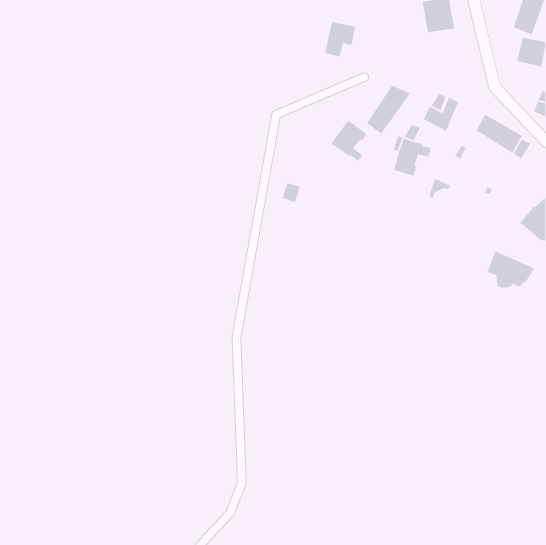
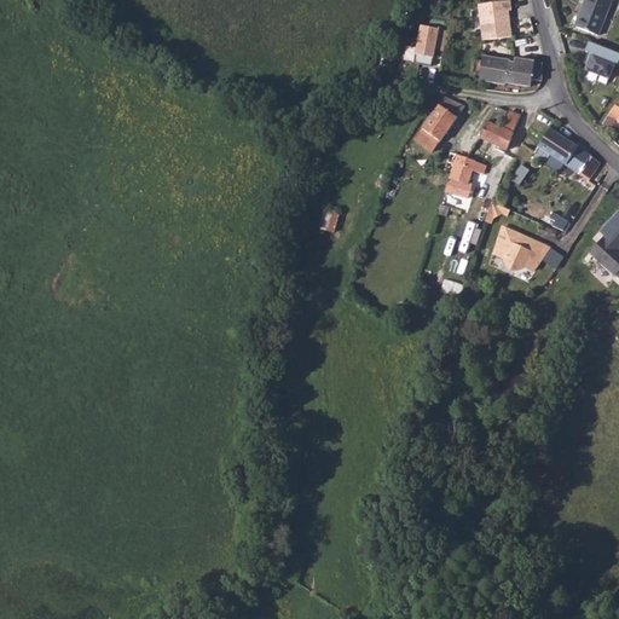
building: [324,21,356,58] -> [412,21,449,62]
building: none -> [476,53,540,85]
building: [330,119,368,162] -> none
building: [486,250,536,289] -> [490,227,545,271]

